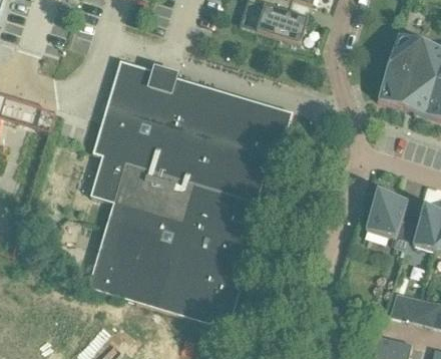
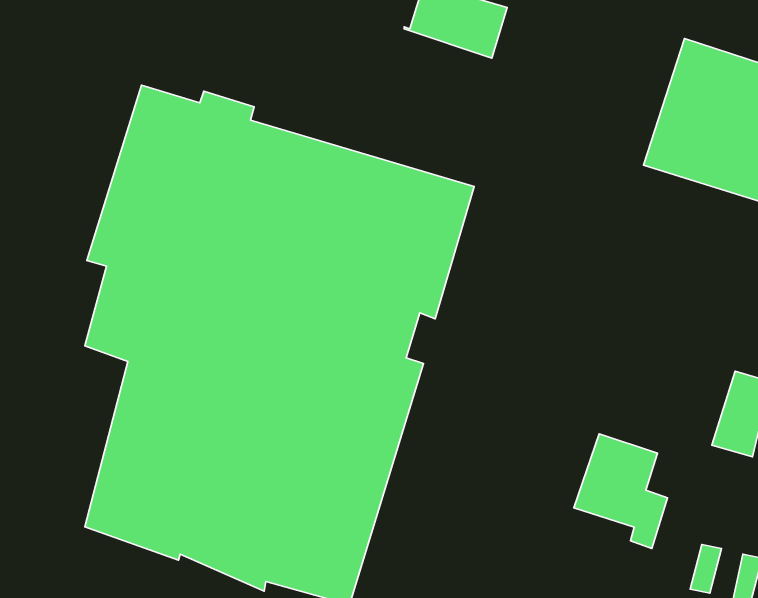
building: [365,191,413,250] -> [574,434,667,549]

